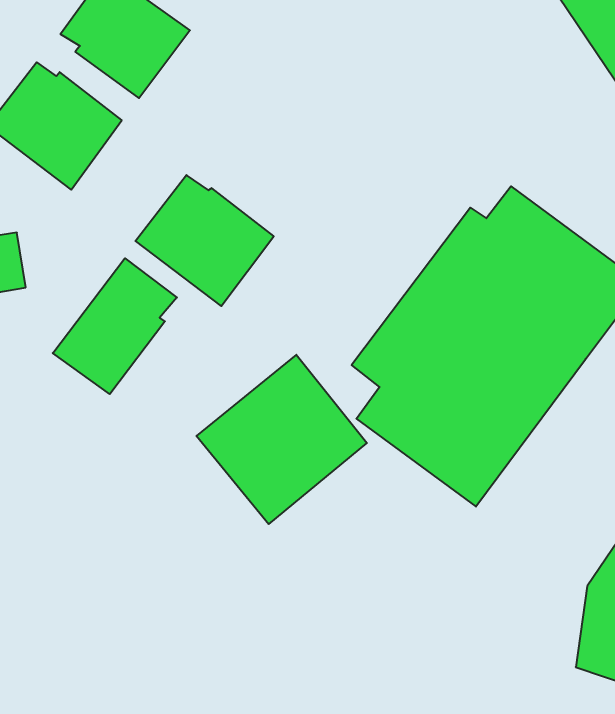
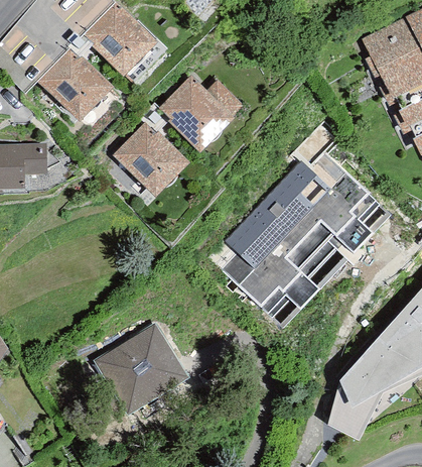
building: none -> [158,75,244,152]
building: [53,258,177,394] -> none
building: [196,355,367,524] -> [94,323,188,416]

